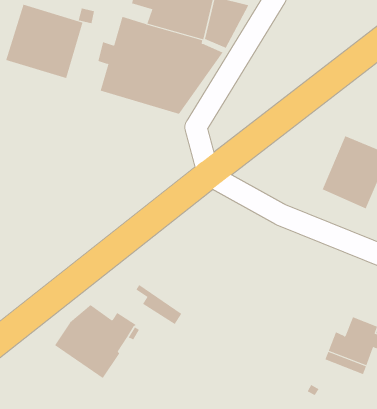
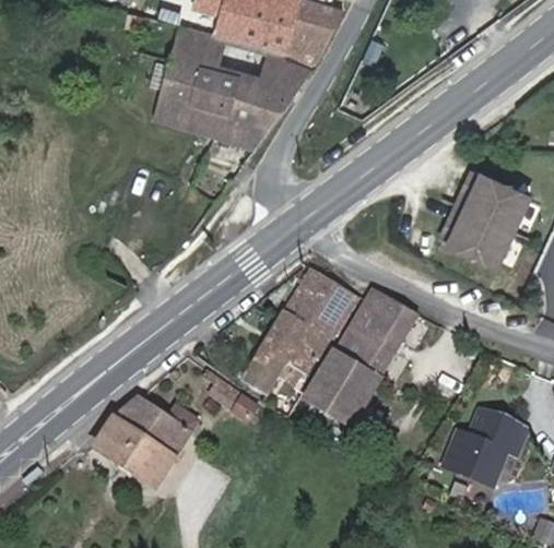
building: [6,4,83,79] -> none
building: none -> [243,267,357,416]
building: none -> [303,289,416,428]

